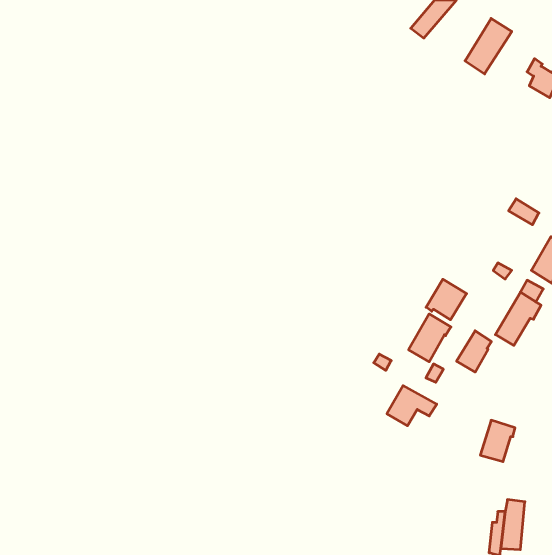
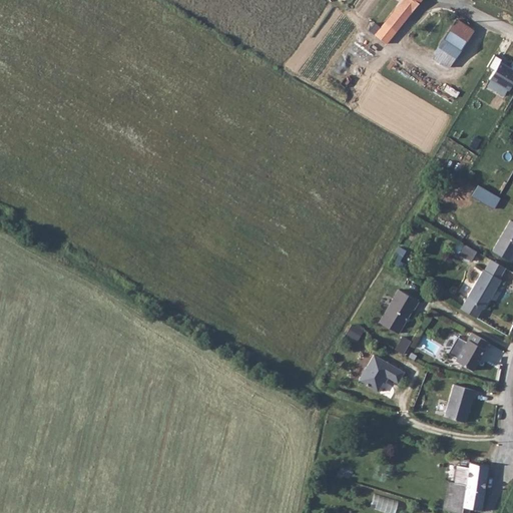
building: [426,279,467,320] -> none
building: [457,331,491,372] -> [457,334,489,372]

